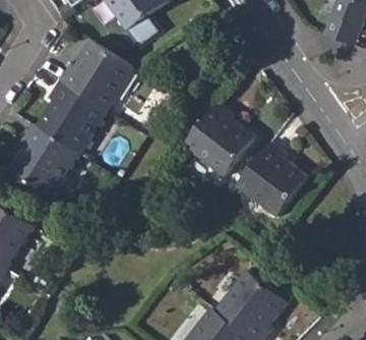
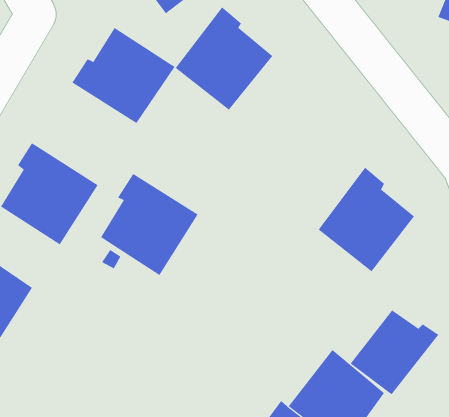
building: [37,80,107,154] -> [100,173,198,276]
building: [184,101,254,175] -> [175,6,273,110]
building: none -> [350,309,439,395]

